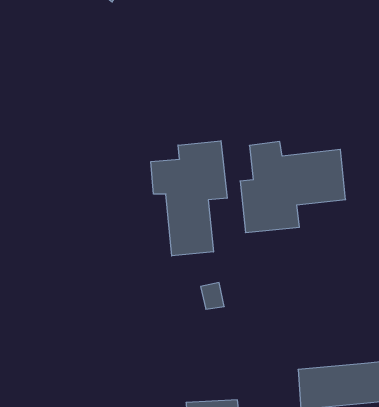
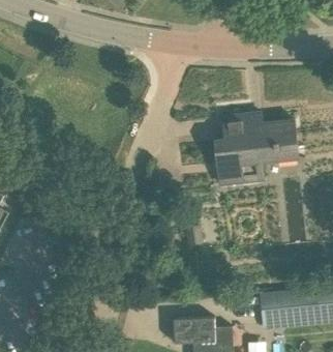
building: [151,141,227,256] -> none

